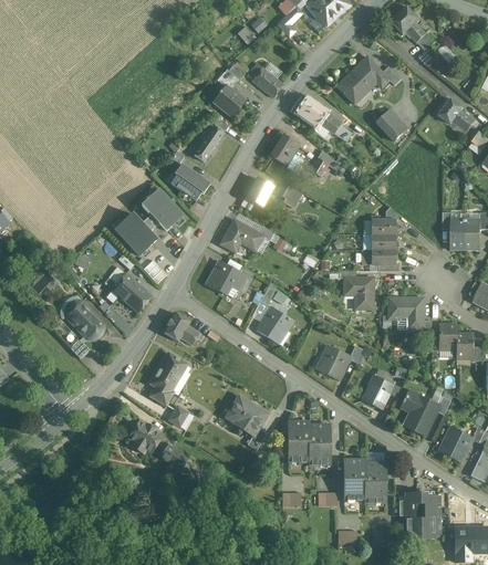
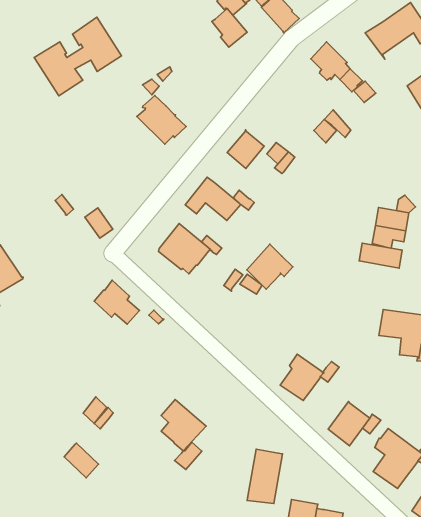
building: [194,126,224,161] -> none
building: [271,138,303,172] -> none
building: [115,189,183,255] -> [34,17,121,96]
building: [104,273,152,312] -> none
building: [343,278,373,308] -> none
building: [257,307,292,343] -> [247,244,293,289]
building: [149,353,187,405] -> none
building: [129,420,162,452] -> none
building: [288,421,309,462] -> none

